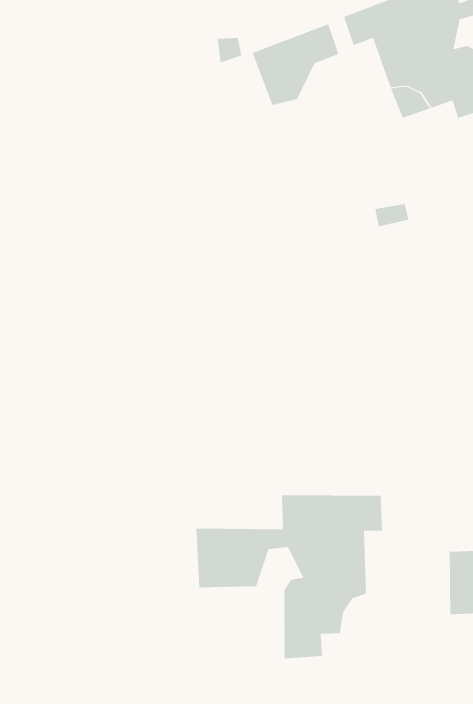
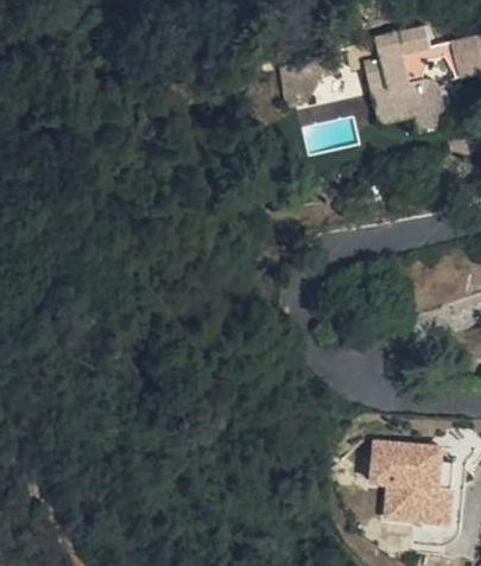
building: [196,494,383,659] -> none

